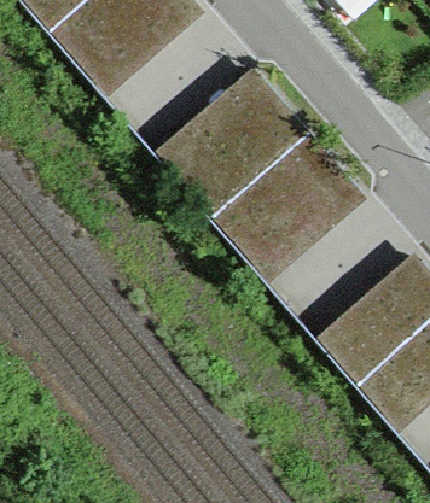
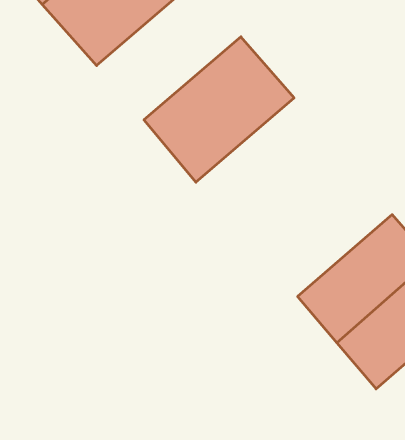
building: [209,128,367,282] -> none

